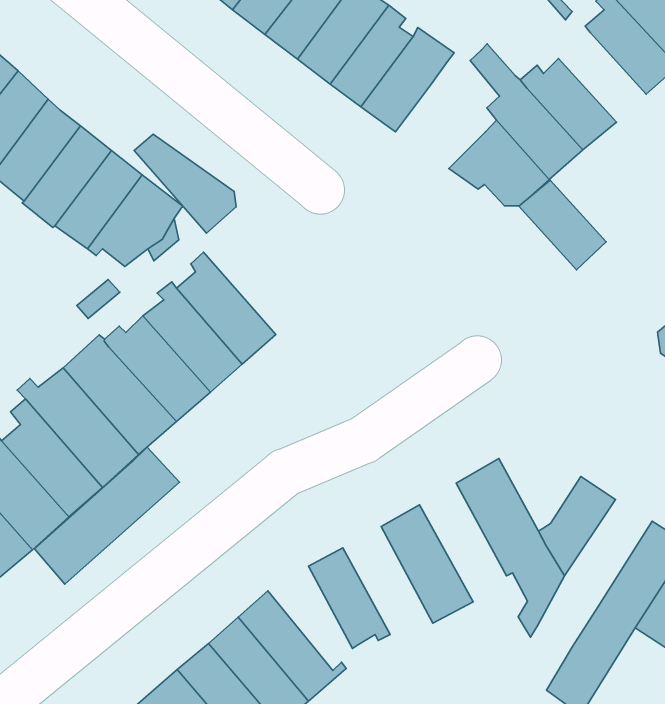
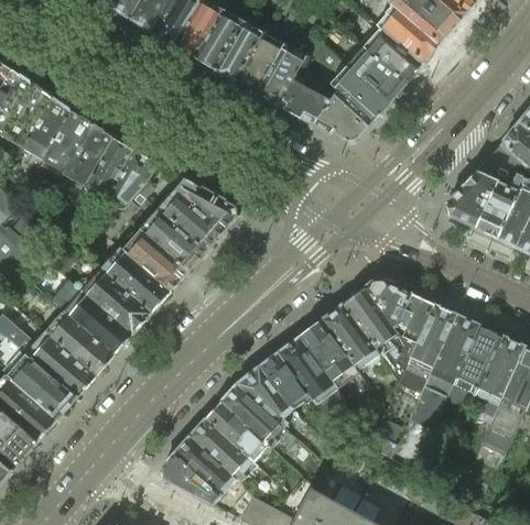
building: none -> [277,74,329,122]
building: [134,134,236,233] -> [173,178,237,232]
building: [519,180,606,270] -> [367,32,421,83]
building: [34,447,180,584] -> none
building: none -> [361,280,411,328]
building: none -> [318,306,375,374]
building: none -> [397,304,456,393]
building: none -> [277,337,335,405]
building: none -> [236,365,290,425]

